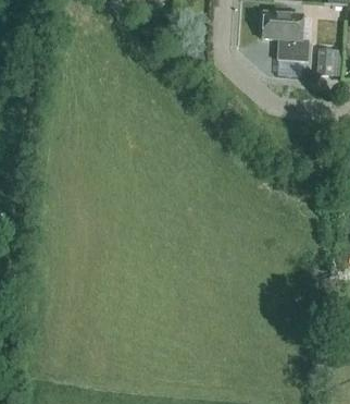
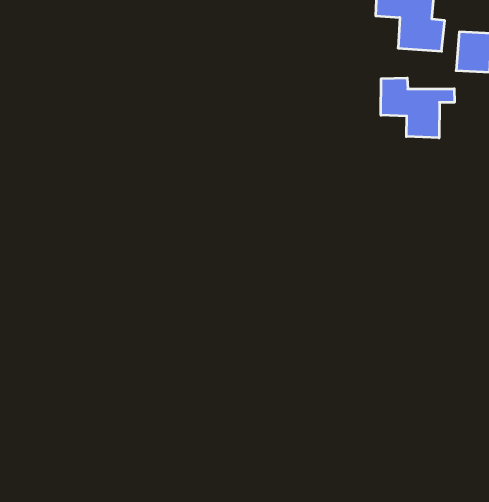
building: none -> [381,78,454,138]

